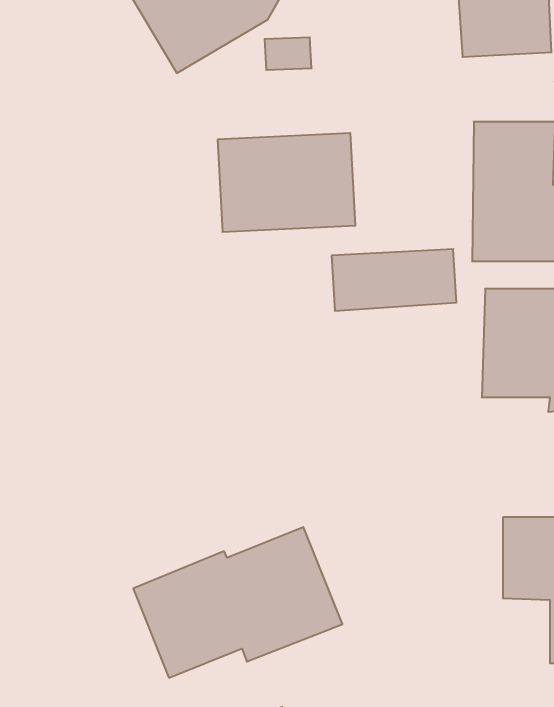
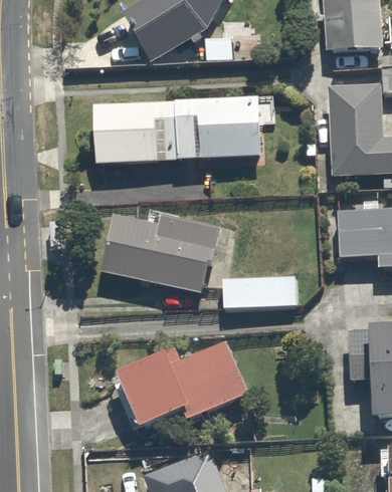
building: none -> [90,100,177,163]
building: [332,249,456,311] -> [223,273,301,311]
building: none -> [103,218,227,296]

